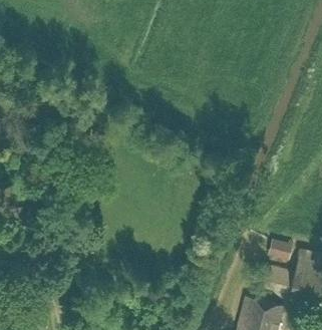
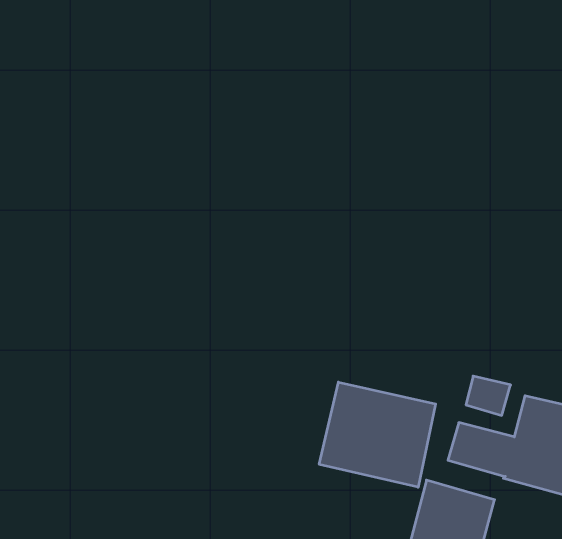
building: none -> [319,382,436,487]

